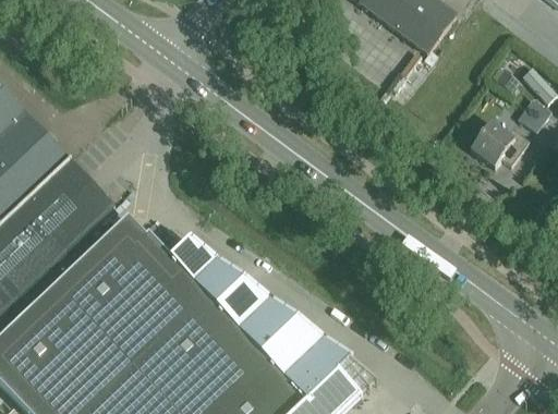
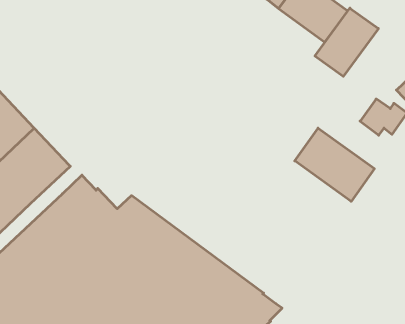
building: none -> [315,8,378,76]
building: none -> [295,128,374,201]

